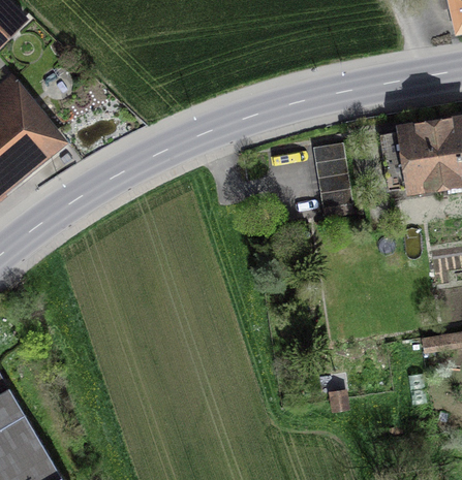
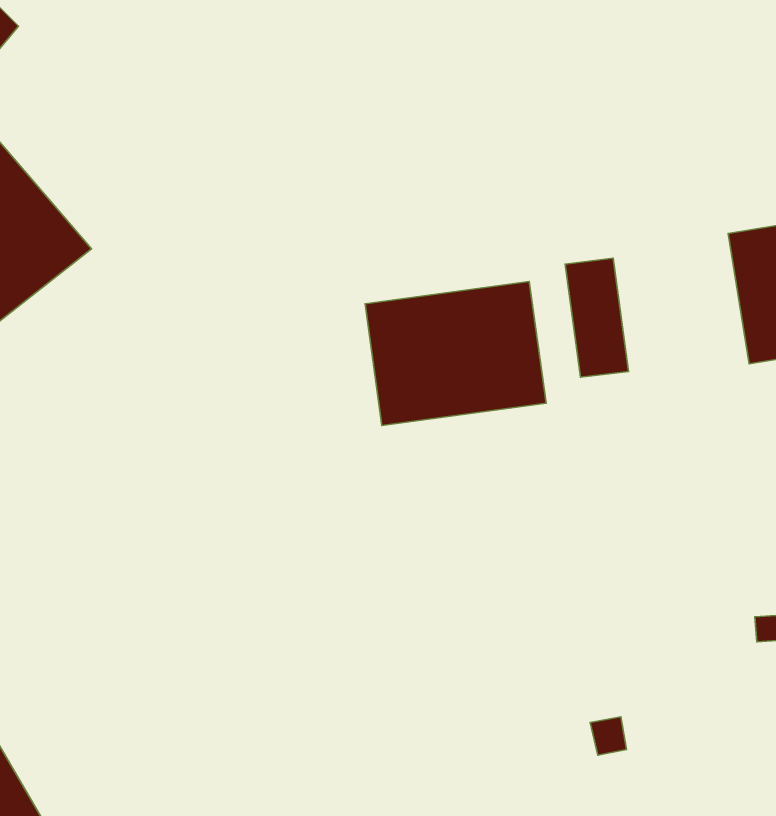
building: none -> [365,282,546,425]

